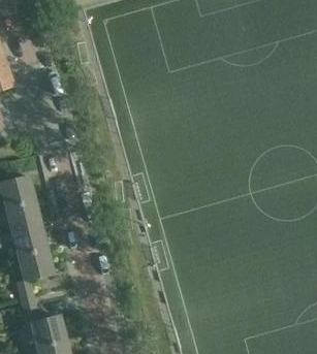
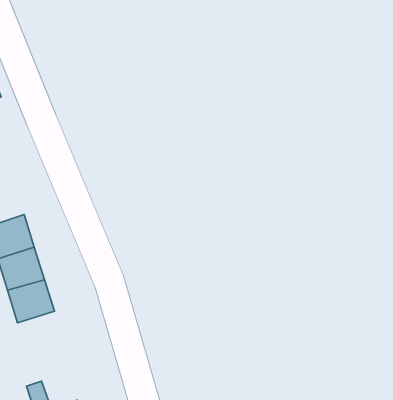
building: [17,247,52,301] -> none

